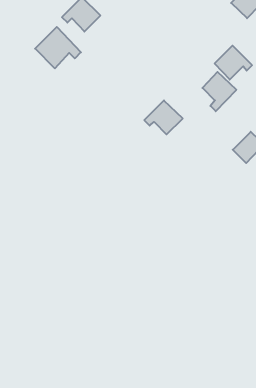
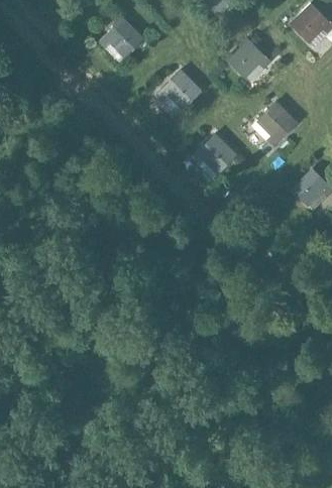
building: [35,27,81,68] -> none
building: none -> [158,71,202,110]
building: [215,46,252,80] -> [227,39,269,78]

